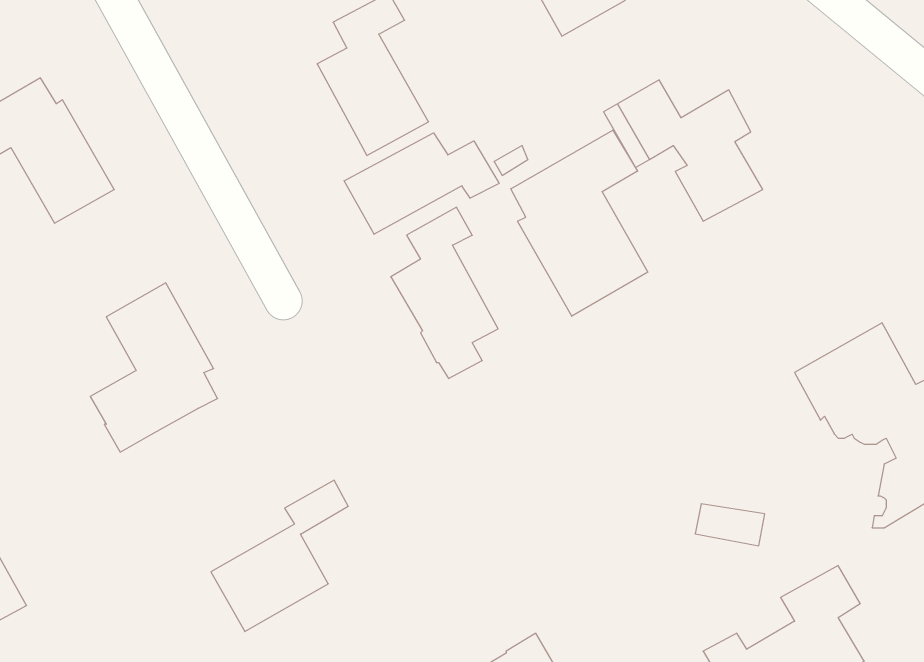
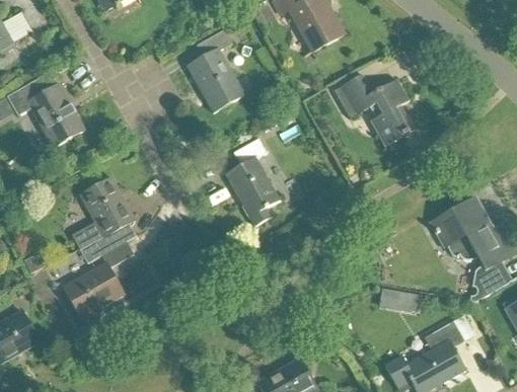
building: [511,130,648,316] -> none
building: [344,133,499,234] -> none
building: [211,480,348,632] -> [64,241,134,318]

